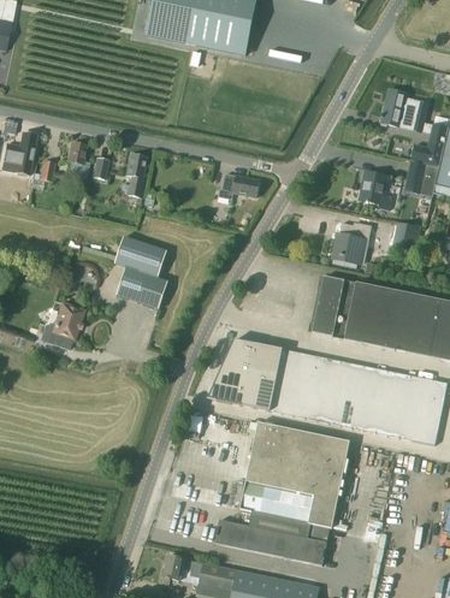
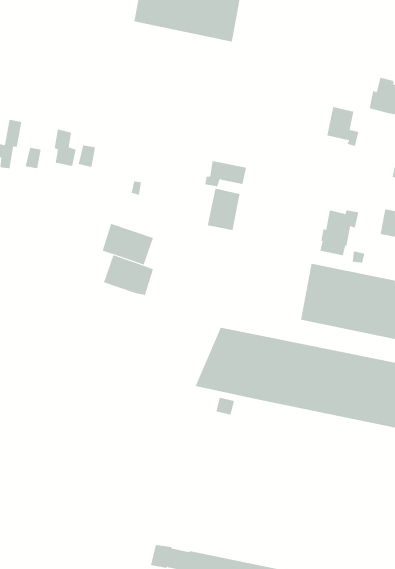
building: [126,154,147,199] -> none
building: [360,171,392,211] -> [326,107,359,146]
building: none -> [207,188,240,231]
building: [48,303,84,349] -> none
building: [215,422,350,566] -> none

